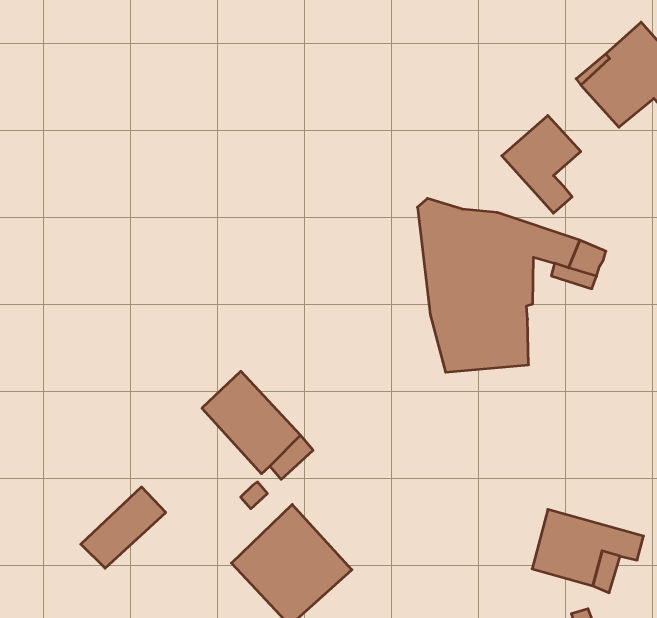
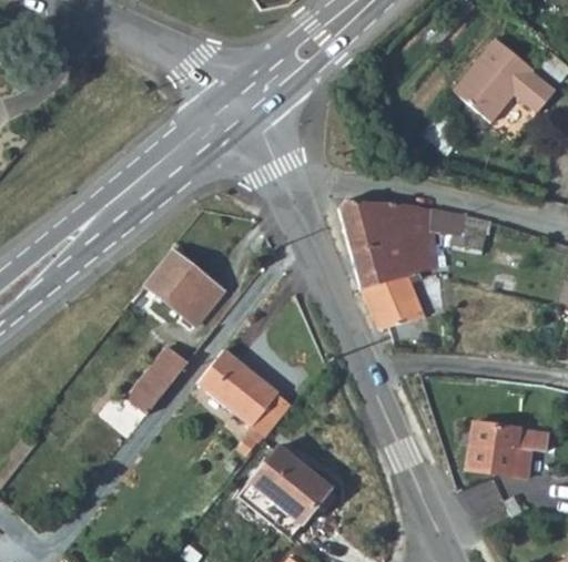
building: [502,115,581,213] -> none
building: none -> [144,251,224,327]
building: [81,487,166,568] -> [126,348,187,413]

